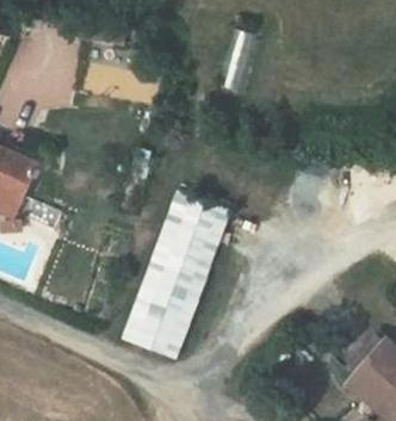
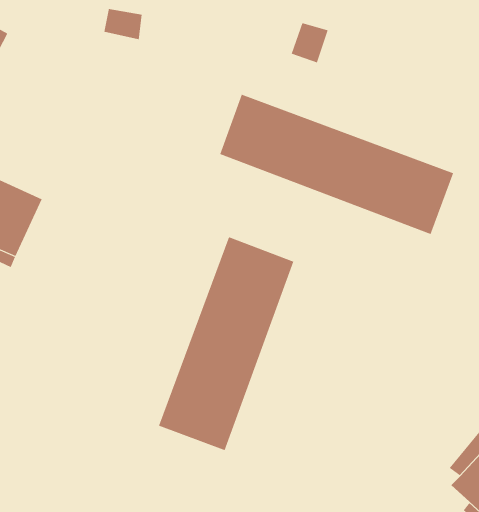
building: none -> [219,94,454,235]

